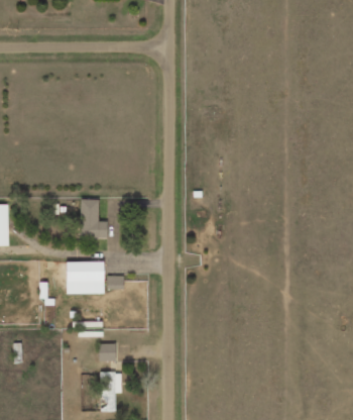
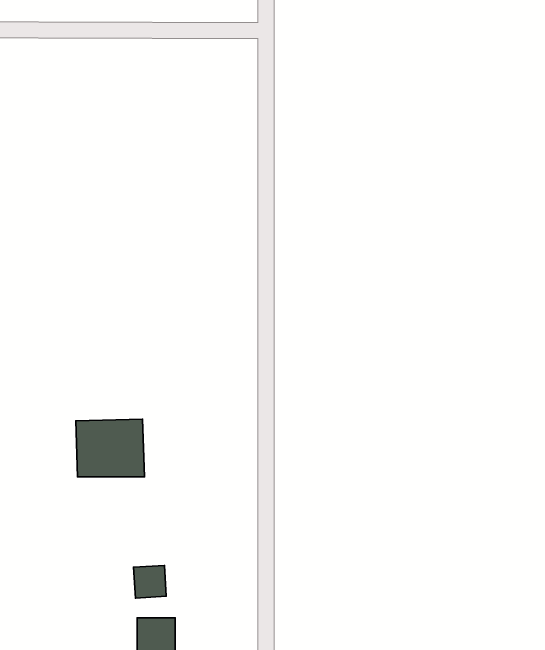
building: [81,199,108,239] -> none

